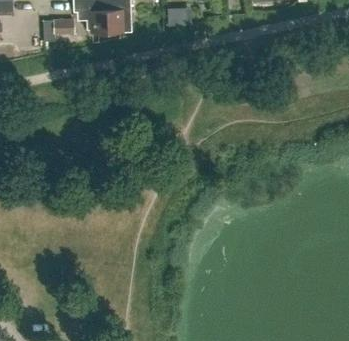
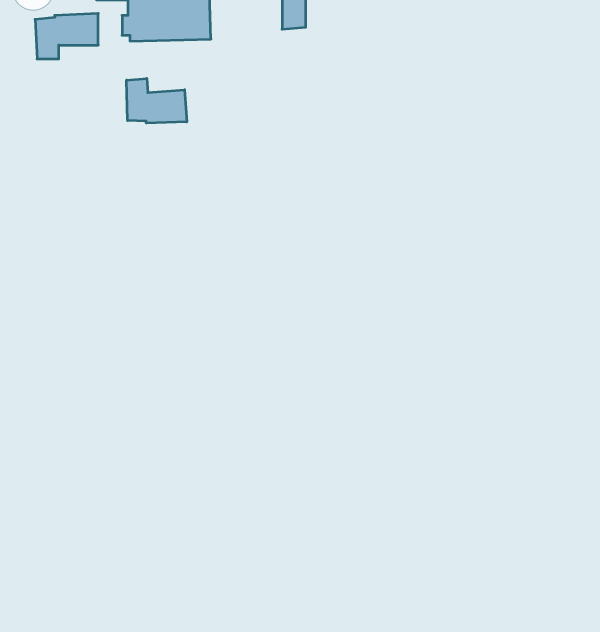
building: none -> [127,78,187,123]

